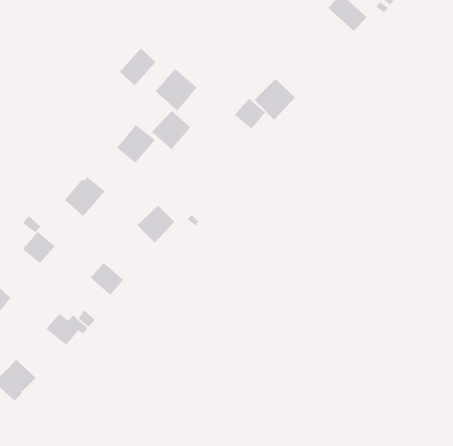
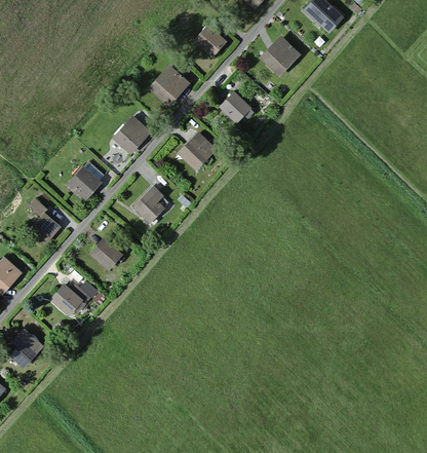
building: none -> [195,25,226,55]
building: [119,48,156,86] -> none
building: [254,78,296,120] -> [261,36,299,74]
building: [151,110,191,150] -> [180,135,216,171]

